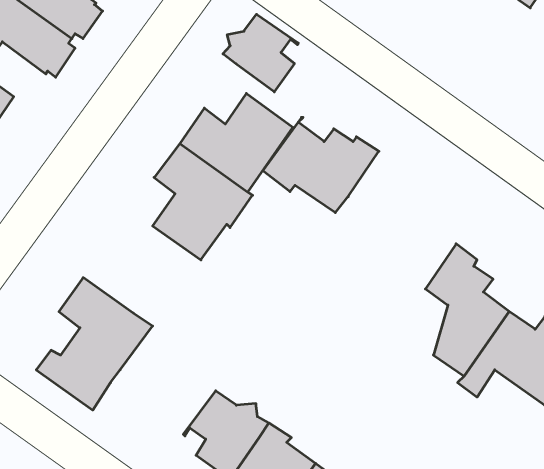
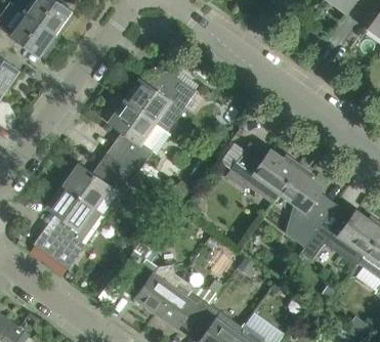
building: [223,14,298,92] -> none
building: [263,117,379,213] -> [225,143,299,204]
building: none -> [62,154,137,209]

